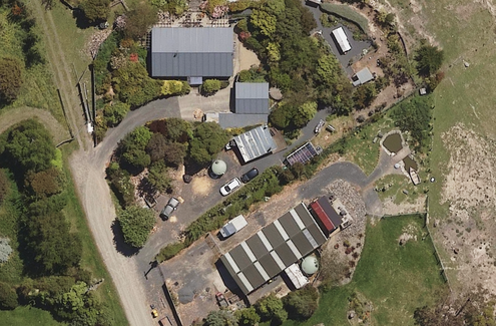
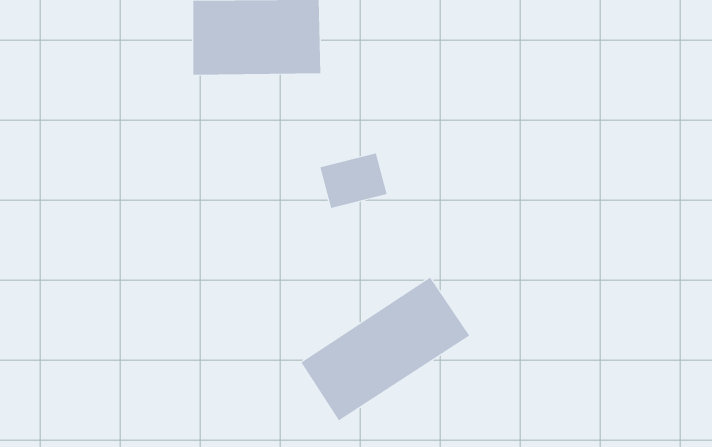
building: [236,82,269,112] -> none

